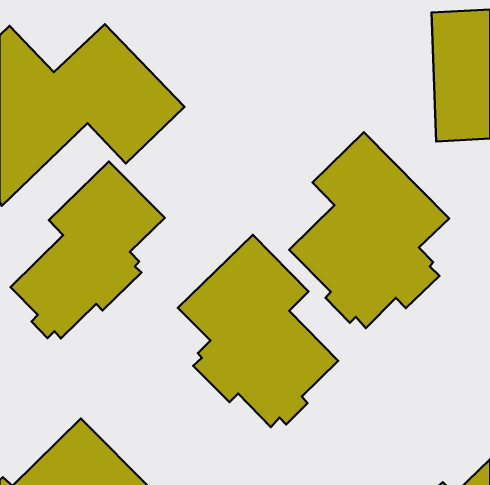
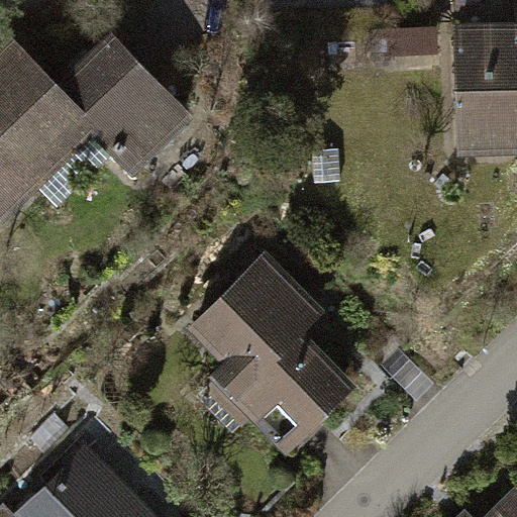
building: [289,132,449,328] -> none
building: [11,161,165,339] -> none

